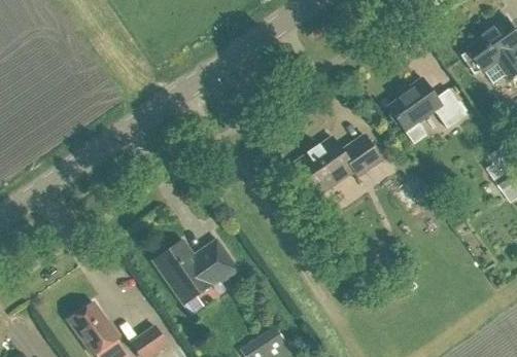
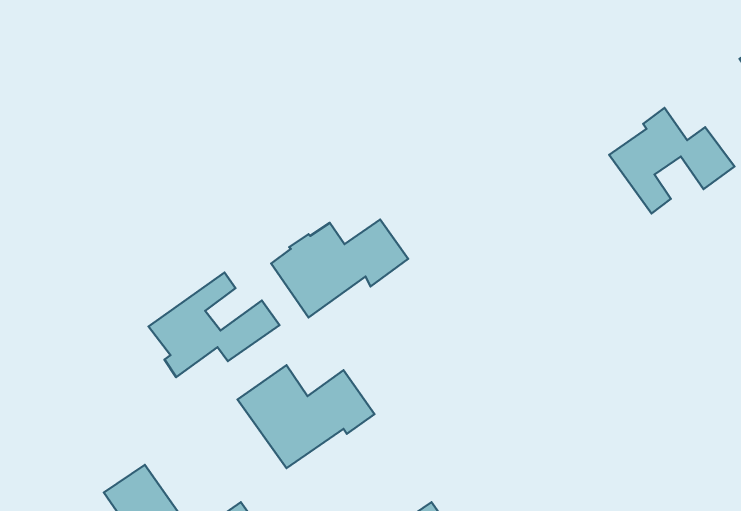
building: [295,135,381,197] -> [271,220,408,317]
building: none -> [149,272,279,377]

